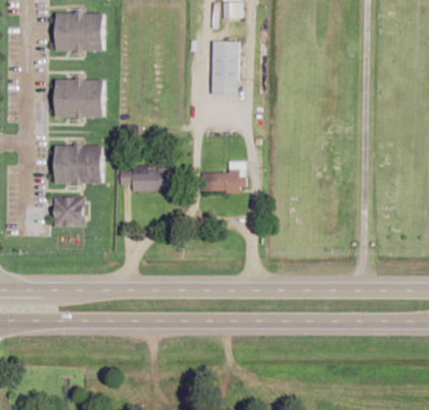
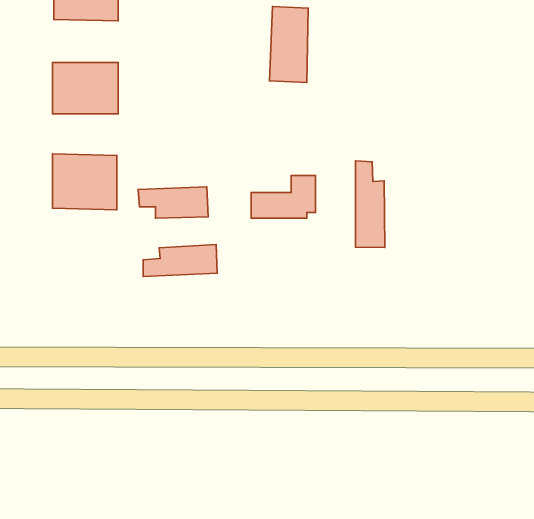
building: none -> [355,161,385,247]
building: [52,195,84,226] -> none
building: none -> [143,245,217,276]

